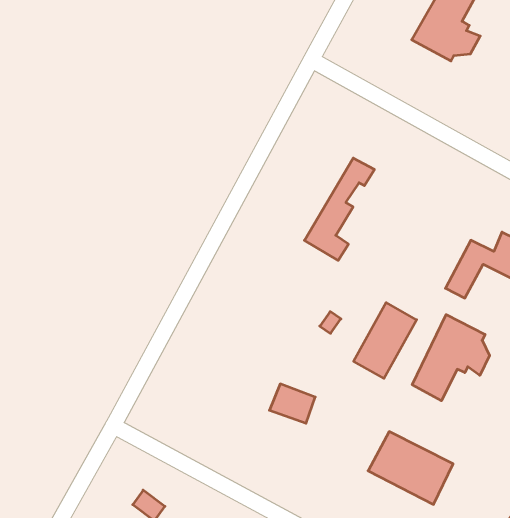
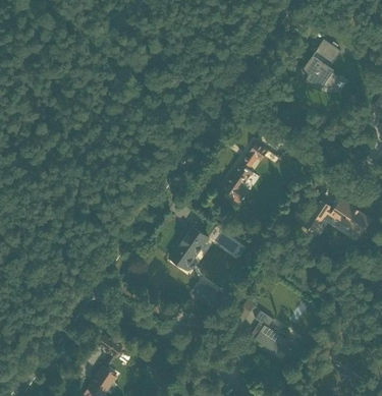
building: [354,303,417,378] -> [170,226,211,272]
building: [412,315,490,401] -> none

